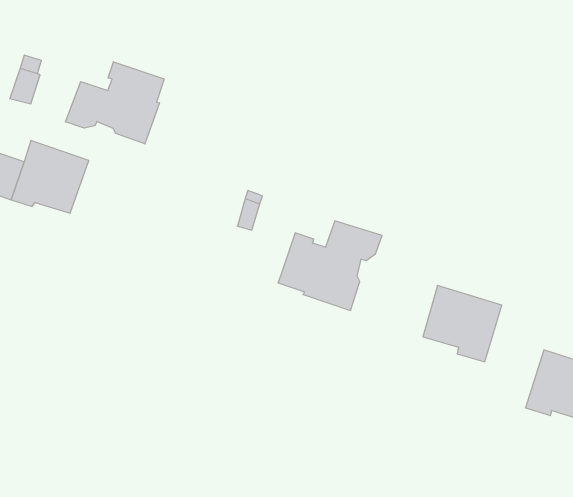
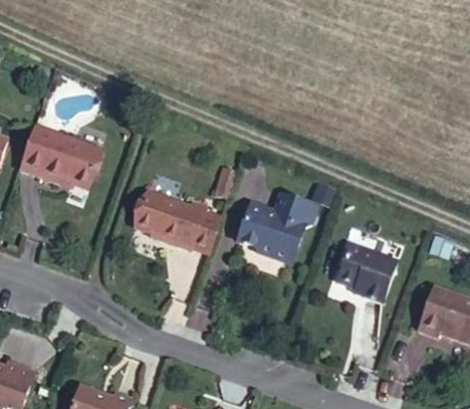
building: [65,62,164,144] -> none
building: none -> [130,189,216,249]

